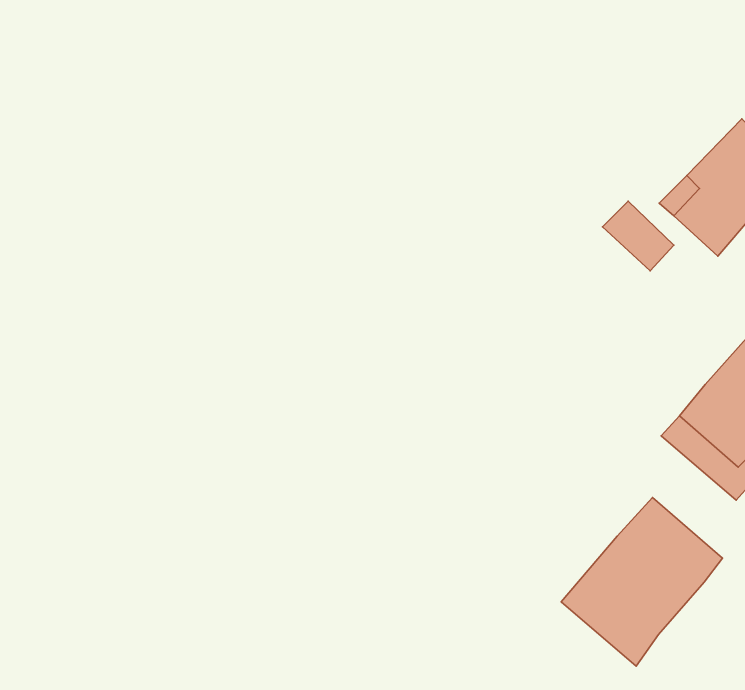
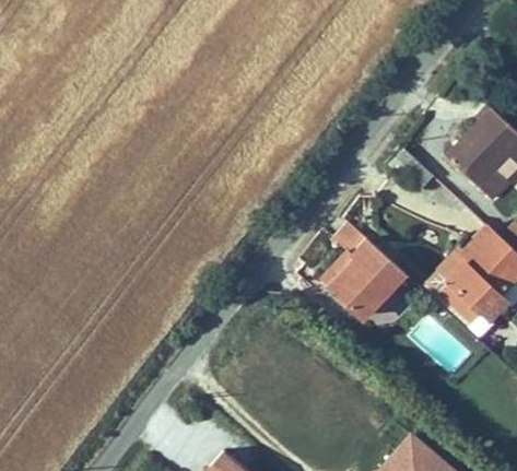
building: none -> [331,237,399,311]
building: [561,498,722,666] -> none

